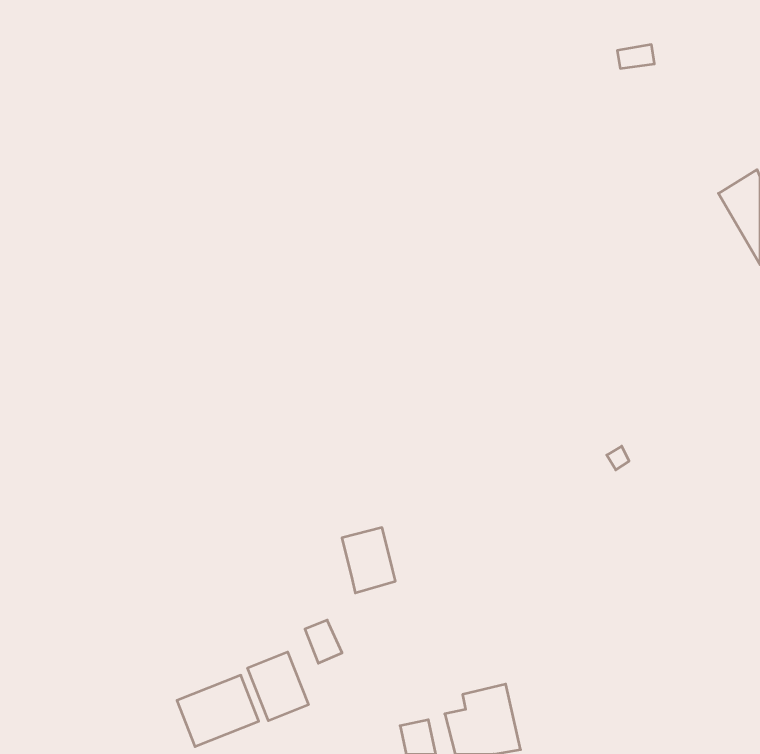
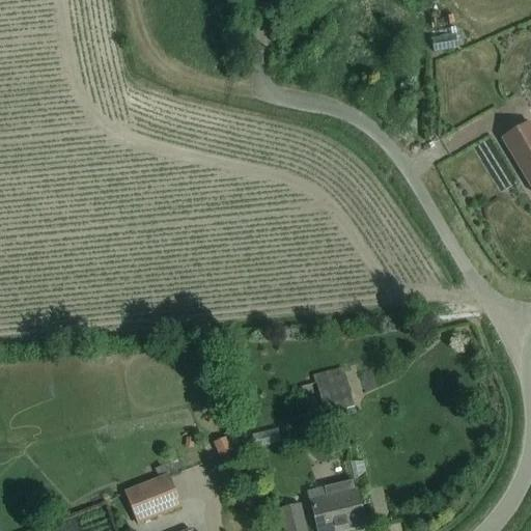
building: [342,528,395,593] -> [316,372,354,418]
building: [248,652,308,721] -> none

